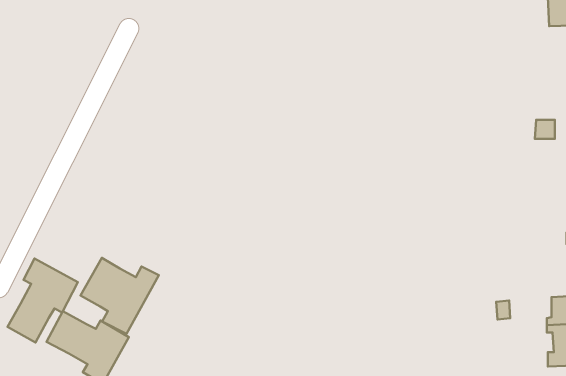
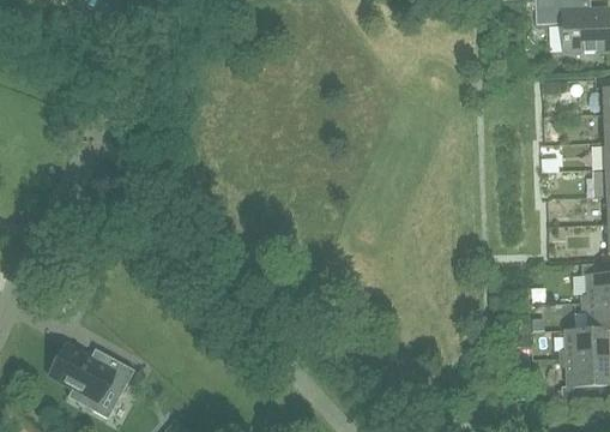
building: [81,258,159,334] -> none
building: [7,258,78,342] -> none

